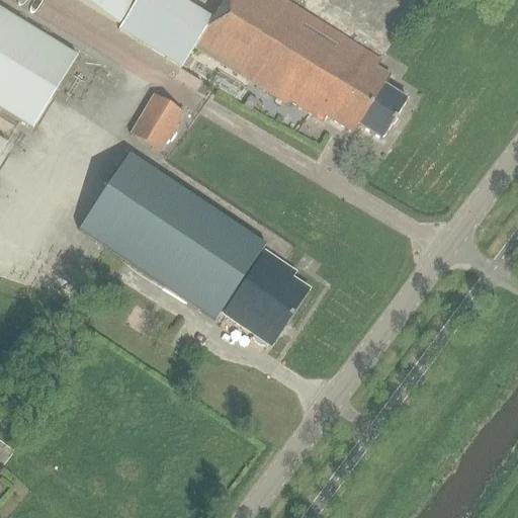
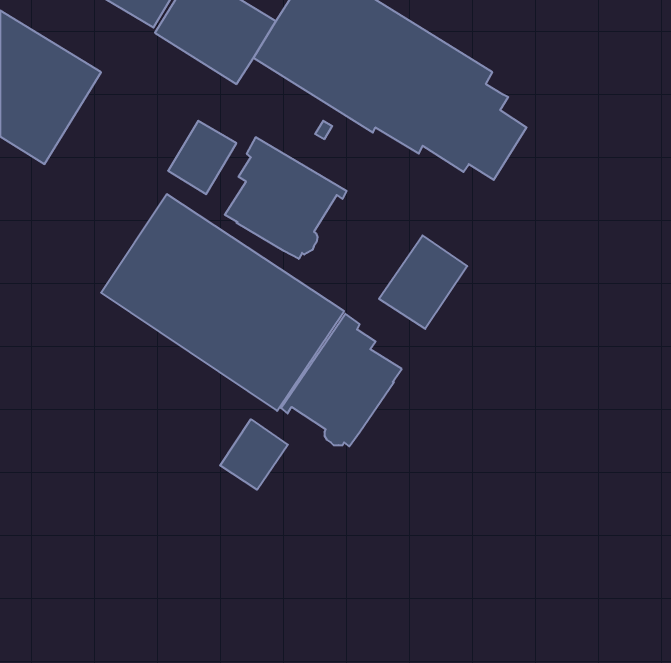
building: none -> [225,137,347,259]
building: none -> [379,235,467,329]
building: none -> [220,419,288,490]

